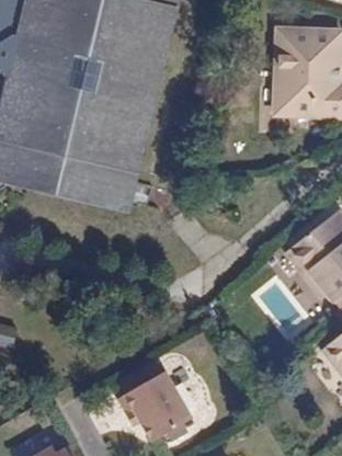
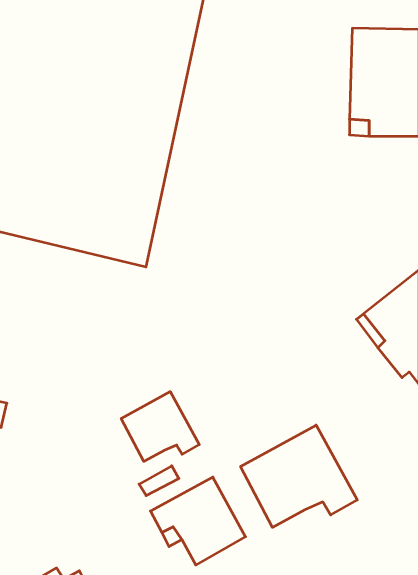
building: none -> [121,392,199,461]
building: none -> [241,425,357,527]

